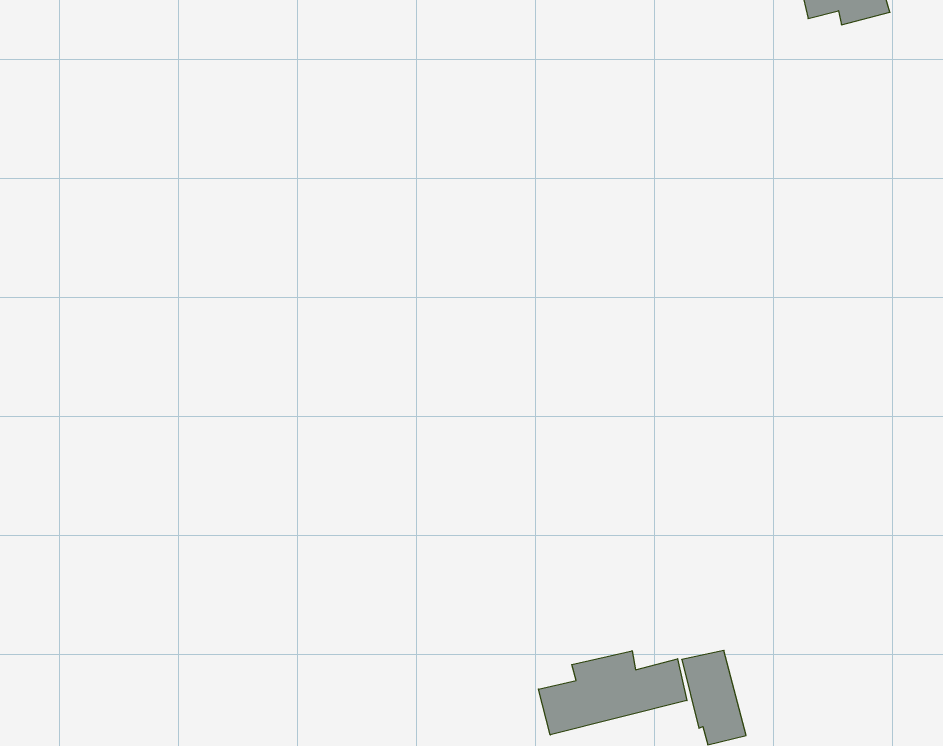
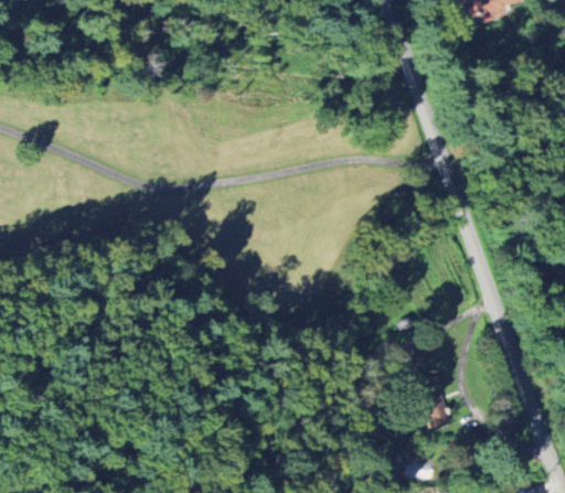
building: [538,651,687,735] -> none

